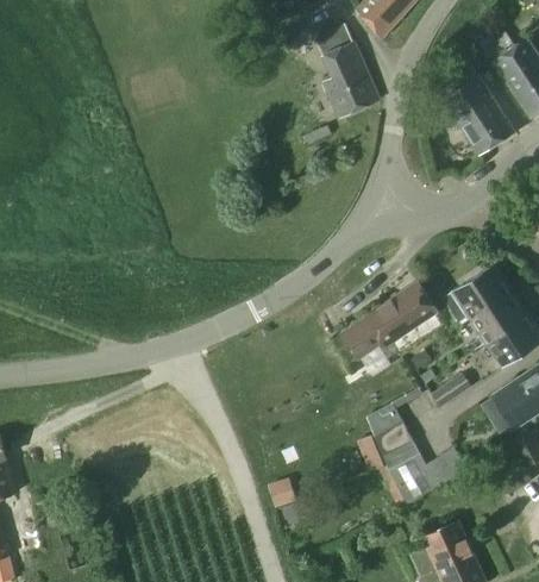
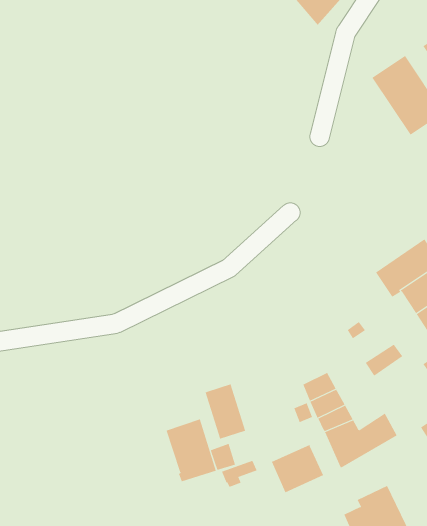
building: [316,25,380,118] -> none
building: [340,281,438,359] -> none
building: none -> [205,383,246,439]
building: none -> [166,419,217,482]
building: none -> [271,444,324,493]

